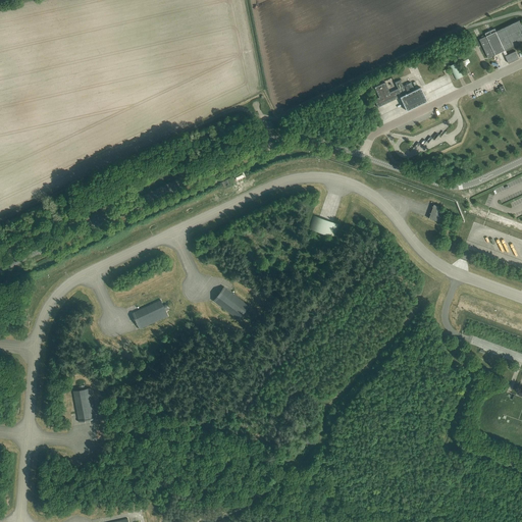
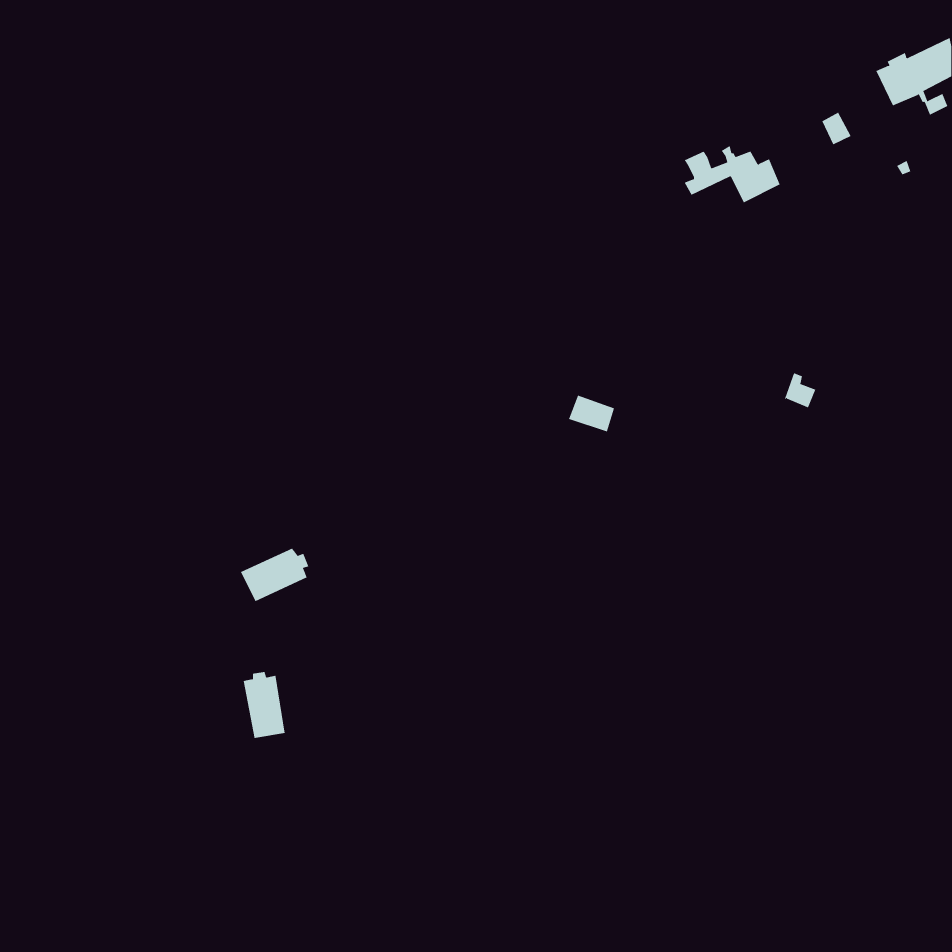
building: [213,286,249,320] -> none
building: [72,385,96,422] -> [243,672,286,739]

